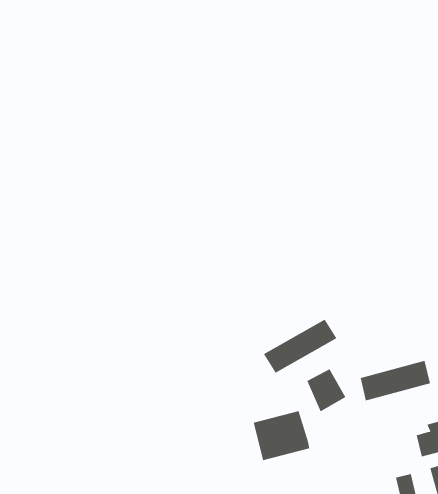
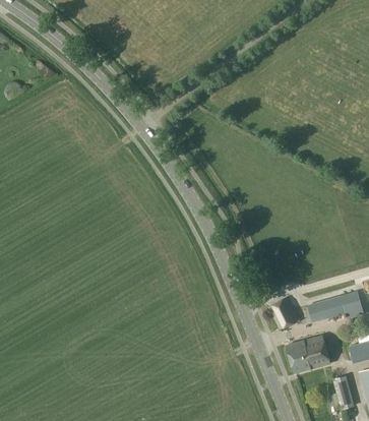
building: [263,319,337,374] -> none
building: [253,410,310,461] -> [288,335,330,372]

